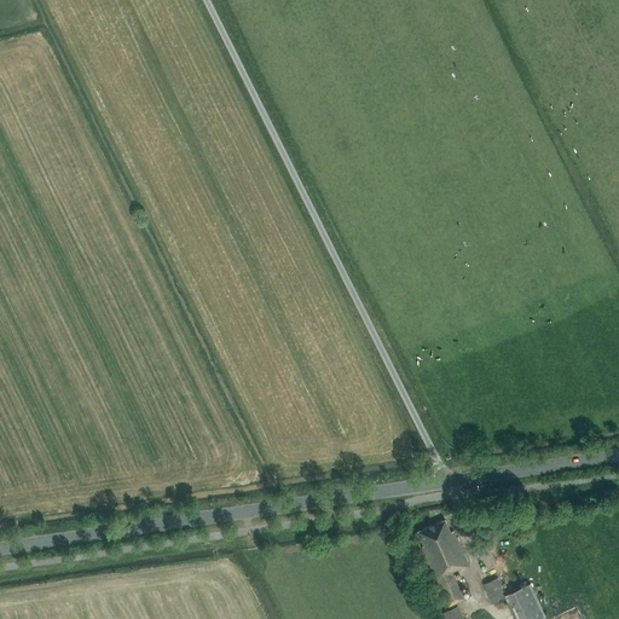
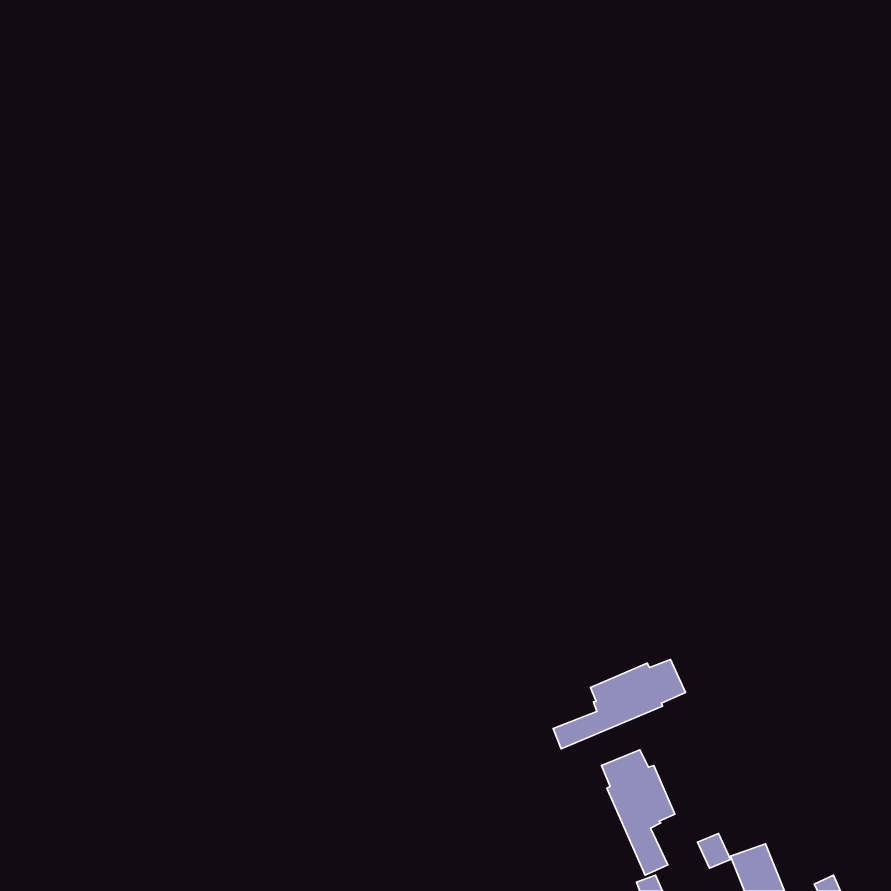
building: none -> [553,660,686,749]

